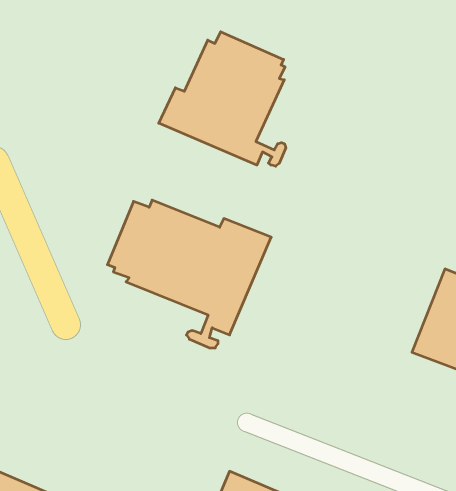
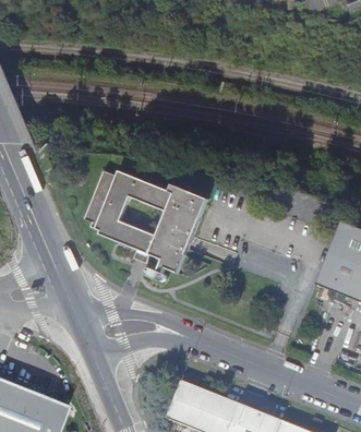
building: [159,32,286,166] -> none

